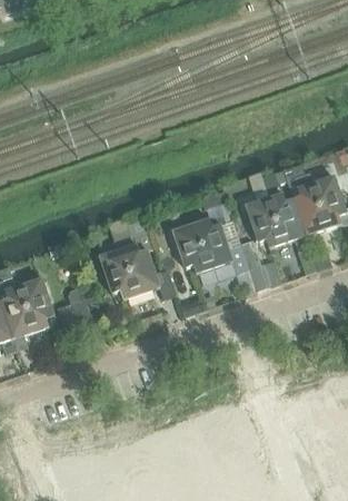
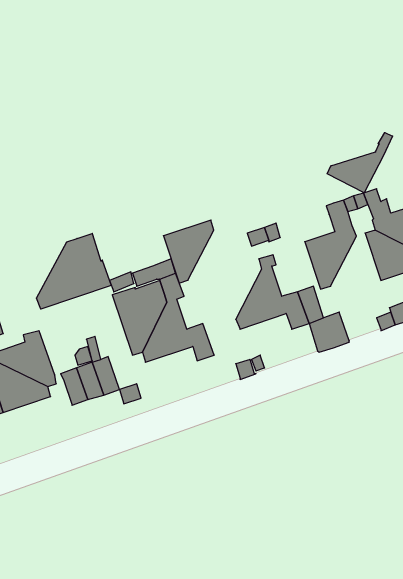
building: none -> [327,133,393,193]
building: [266,199,305,248] -> none
building: none -> [36,233,111,309]
building: [173,219,212,268] -> [163,220,214,283]

